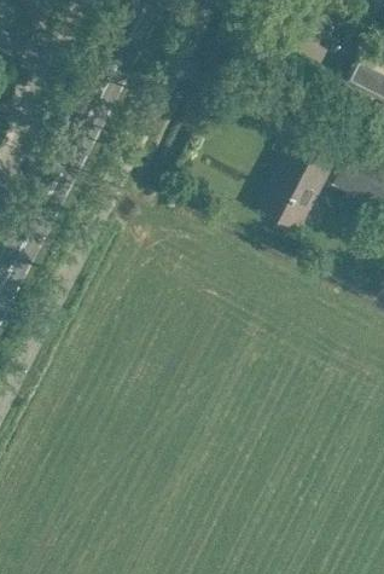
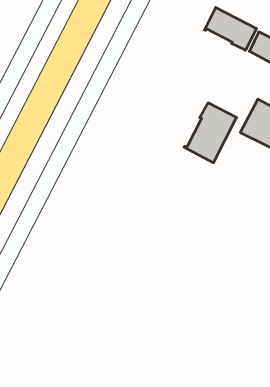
building: none -> [204,7,257,50]

